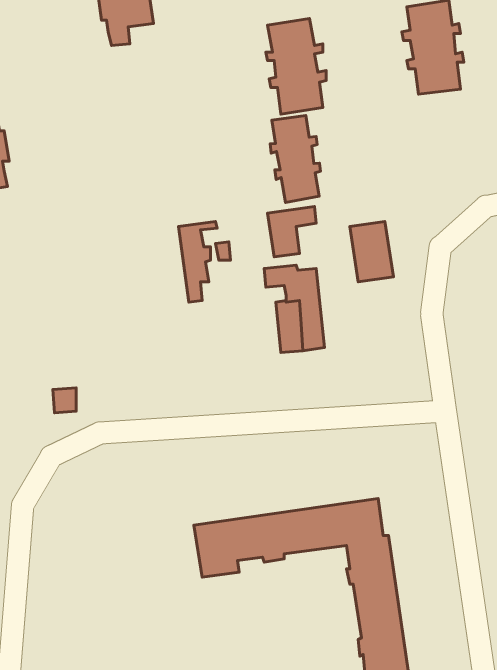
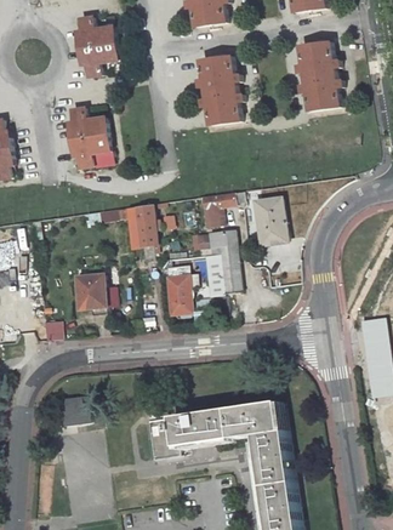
building: none -> [66,106,108,165]
building: [270,115,320,202] -> none
building: none -> [165,266,190,314]
building: none -> [76,273,106,307]
building: none -> [59,397,90,426]

